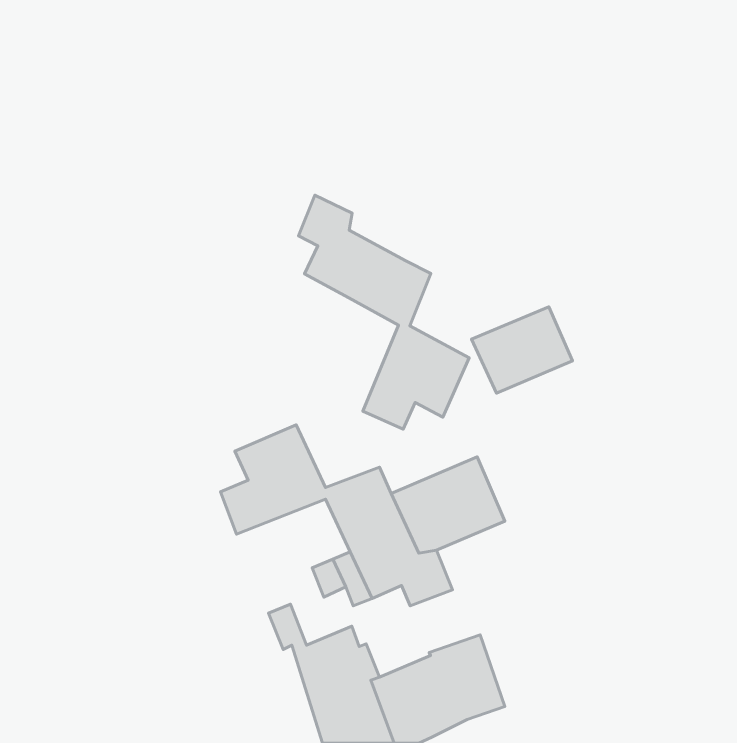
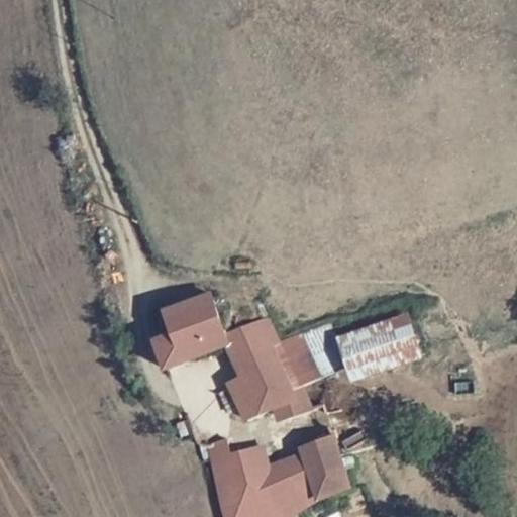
building: [298,195,469,429] -> none
building: [472,307,572,393] -> [346,311,416,371]

